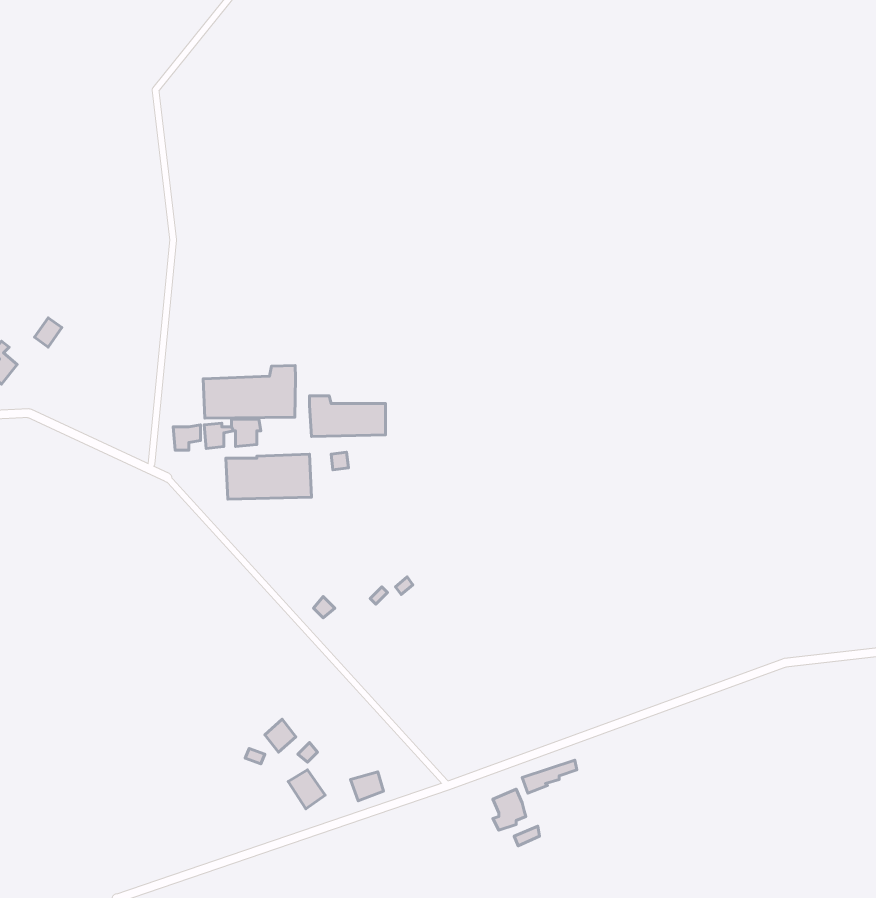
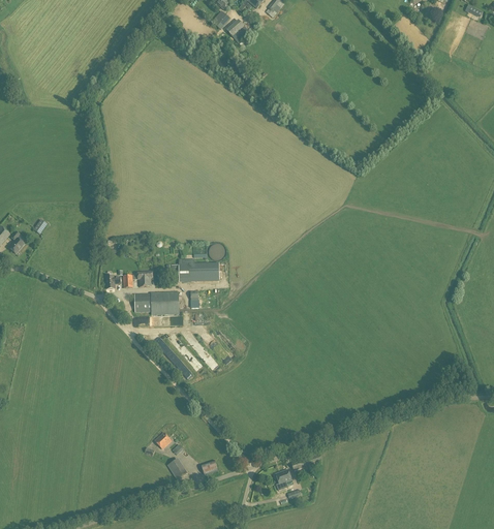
building: [203,365,296,418] -> none

